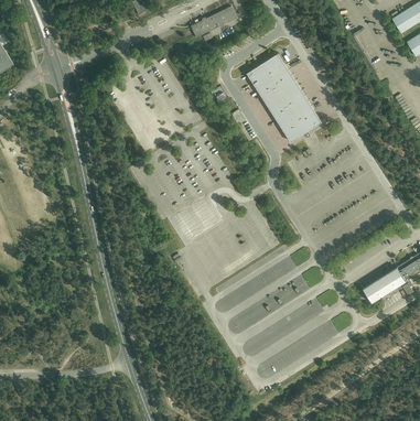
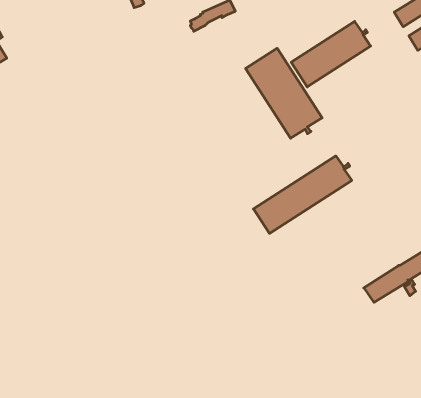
building: none -> [291,21,371,87]
building: none -> [253,156,352,233]

